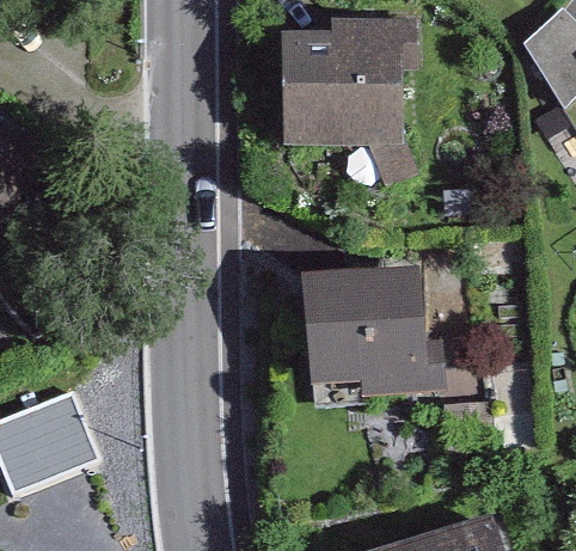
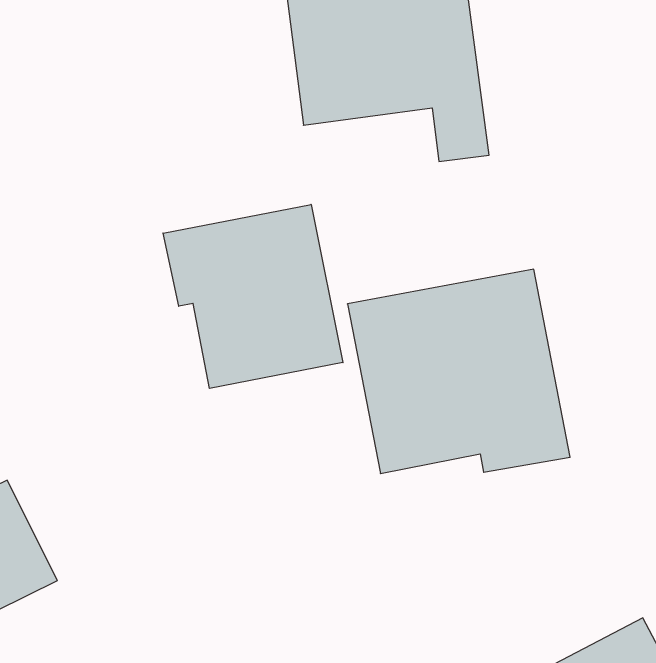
building: none -> [163,204,343,388]

